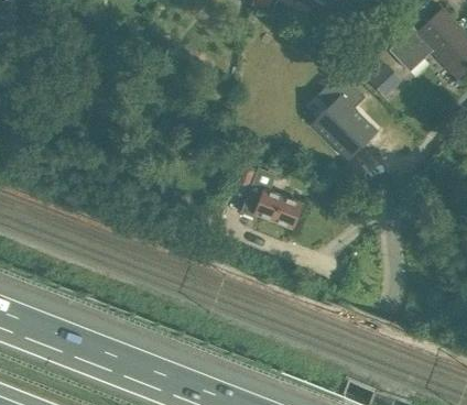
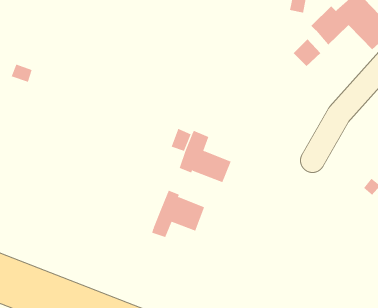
building: [312,72,378,160] -> none
building: none -> [152,190,205,238]

